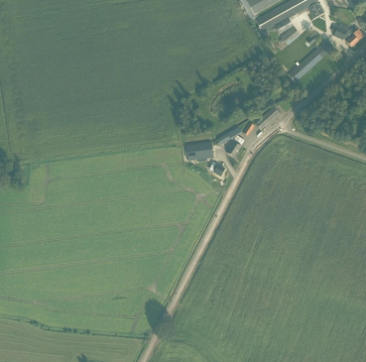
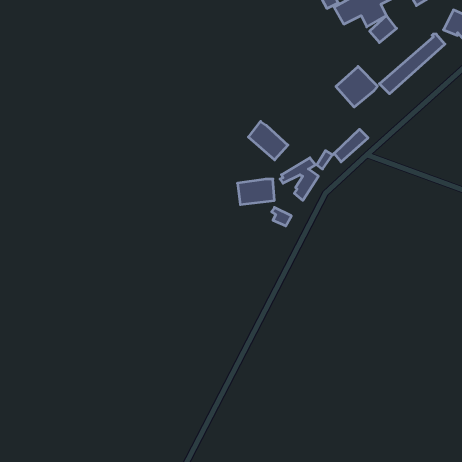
building: none -> [336,66,377,107]
building: none -> [248,121,288,160]

